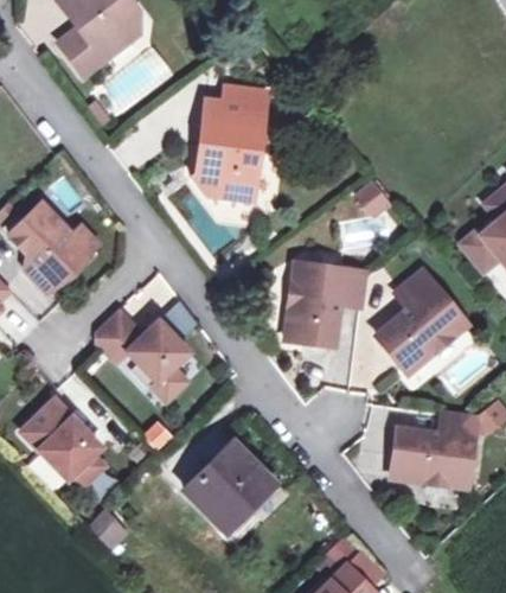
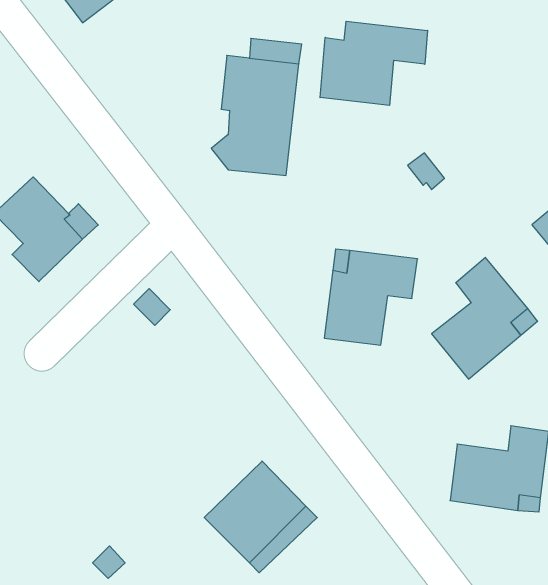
building: none -> [320,21,428,105]
building: [95,310,188,401] -> none
building: [20,398,103,483] -> none

